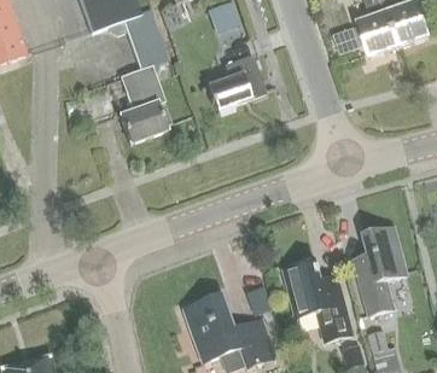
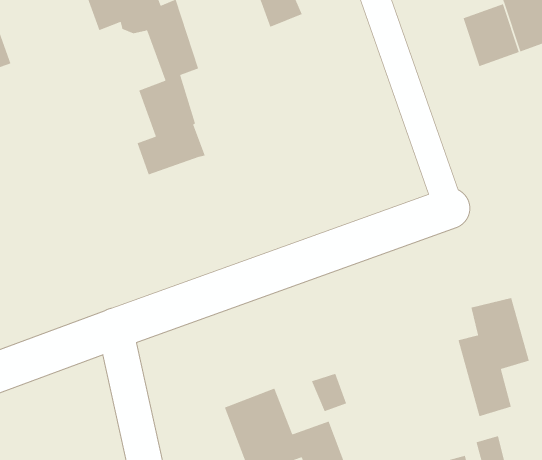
building: [206,53,264,110] -> none
building: [284,261,352,342] -> none

